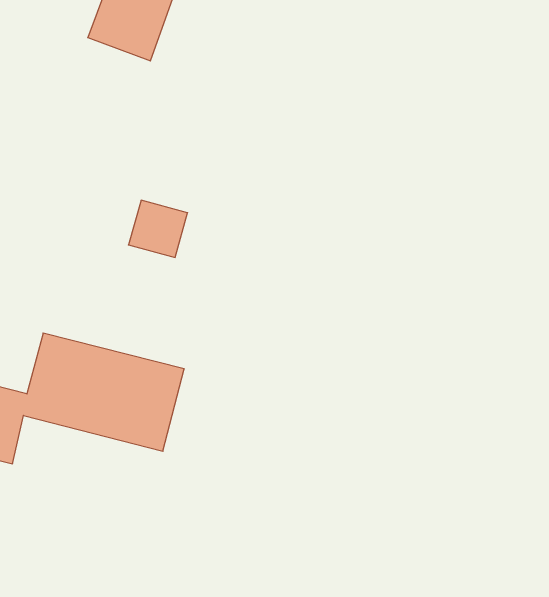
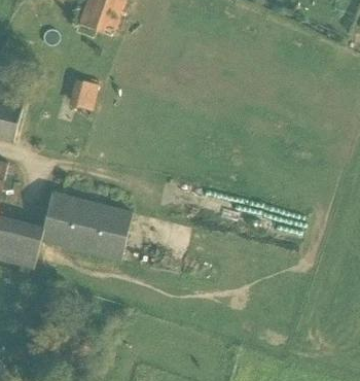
building: [128,200,188,257] -> [65,77,99,110]

